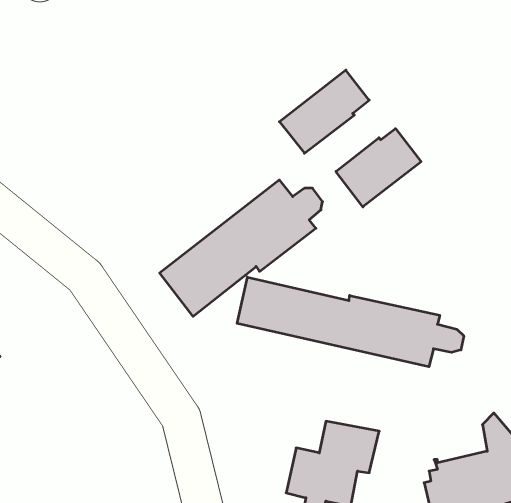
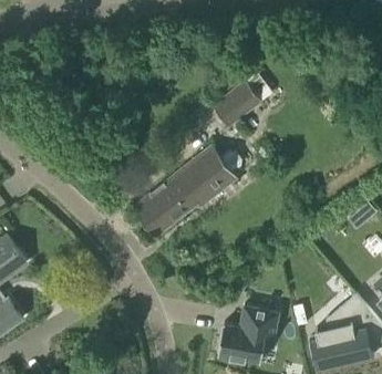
building: [336,129,421,207] -> none
building: [237,277,464,367] -> none

